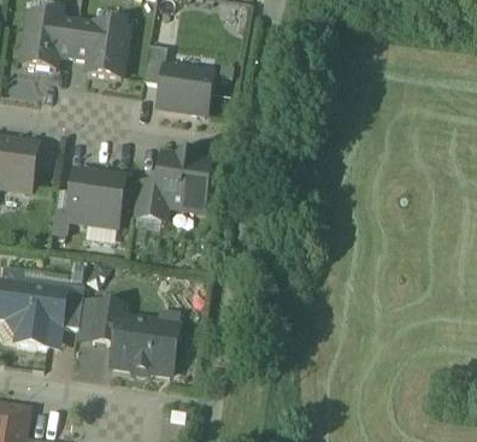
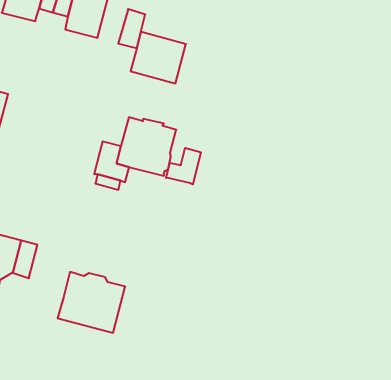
building: [67,167,123,224] -> none
building: none -> [166,148,201,184]
building: [92,301,123,342] -> none

